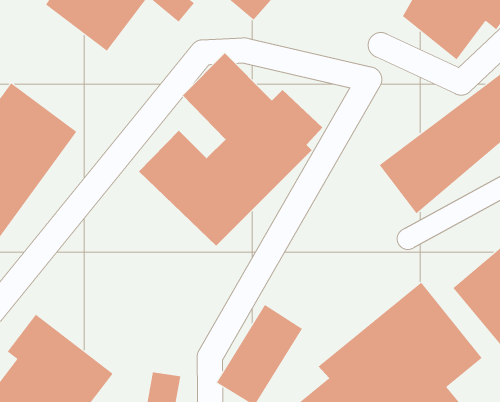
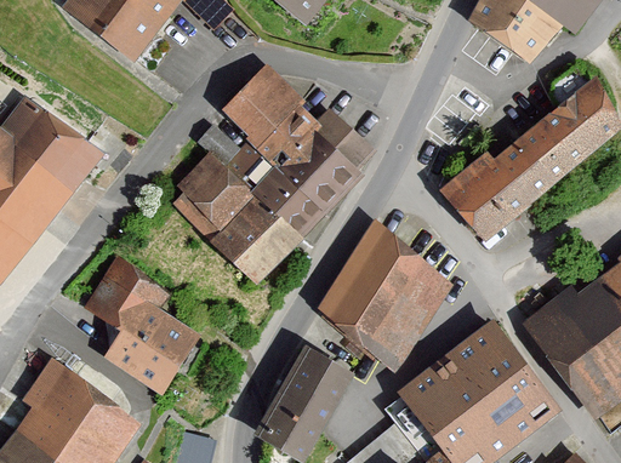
building: none -> [313,225,455,368]
building: none -> [84,258,196,395]

